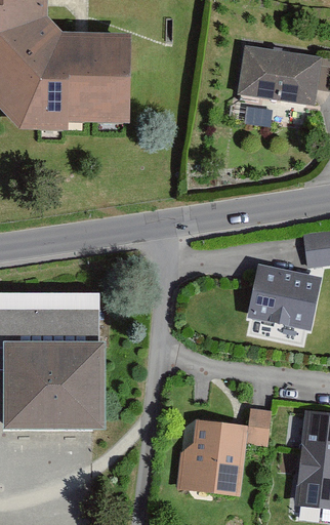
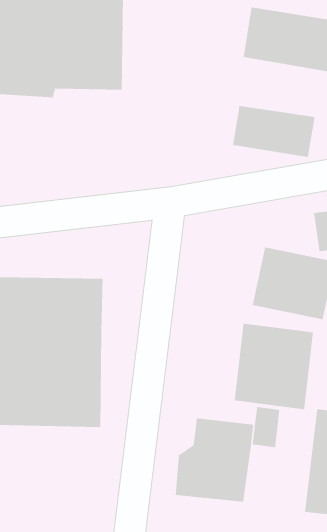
building: none -> [232,105,315,158]
building: none -> [234,323,314,410]

